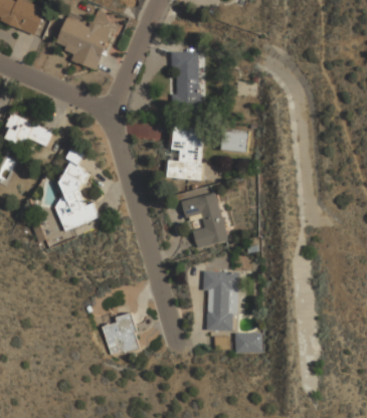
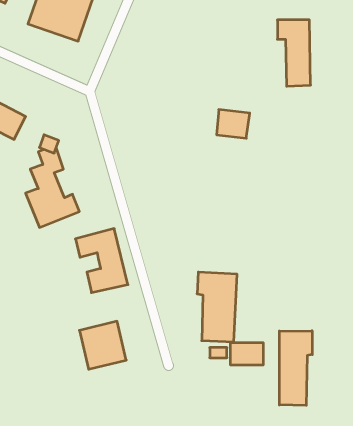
building: [170,52,199,111] -> [277,20,311,86]
building: [166,126,203,180] -> none
building: [181,192,227,248] -> [75,229,128,293]
building: none -> [279,331,312,405]

